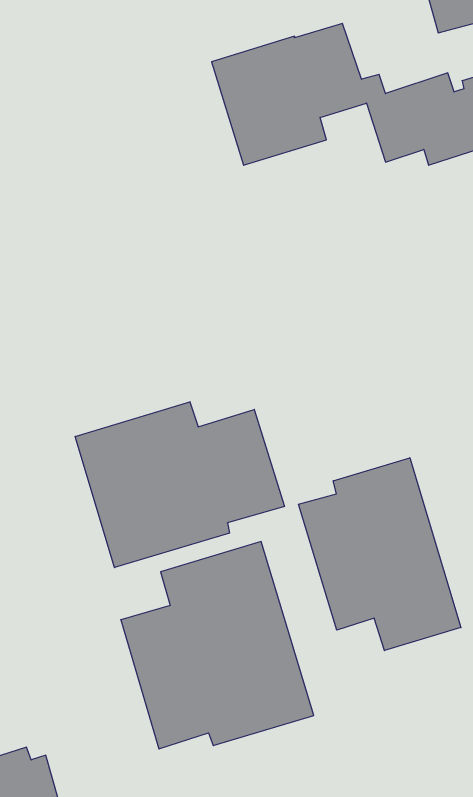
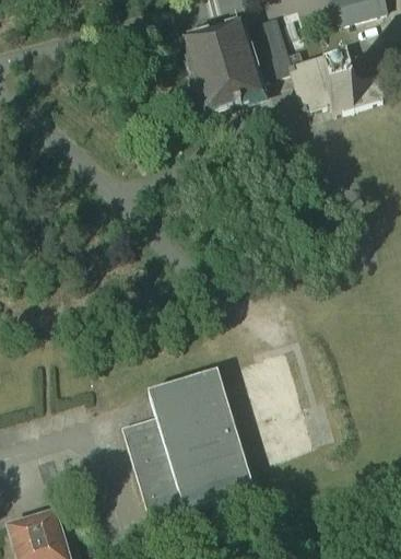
building: [75,402,284,568] -> none
building: [298,458,461,651] -> none

